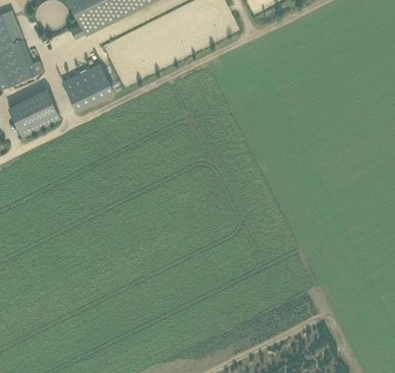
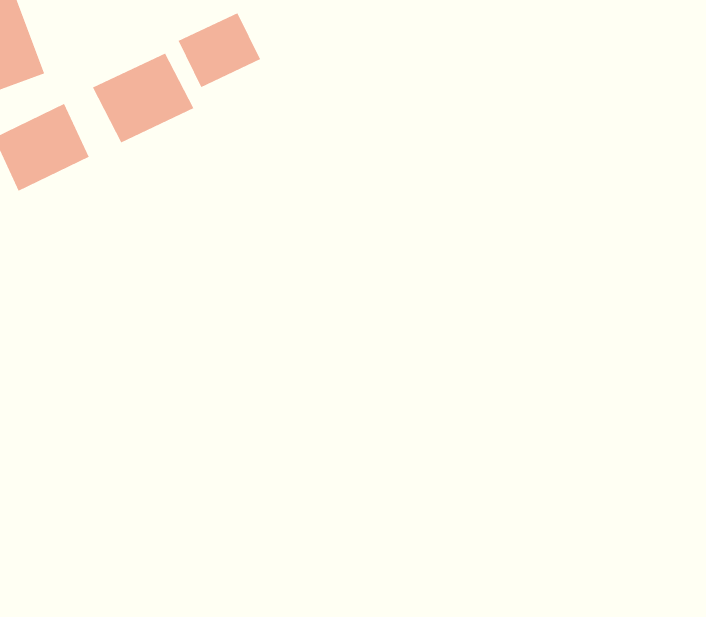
building: none -> [177,12,261,88]

